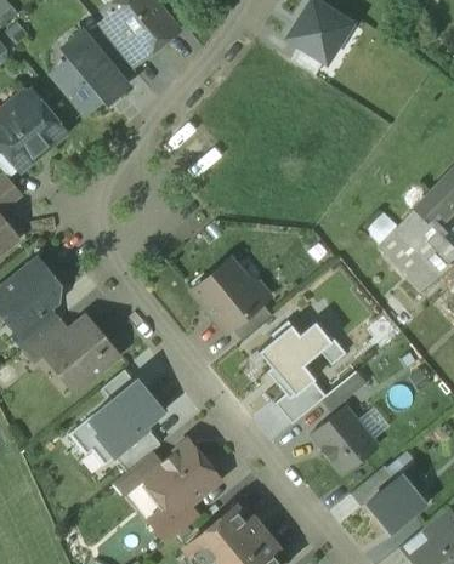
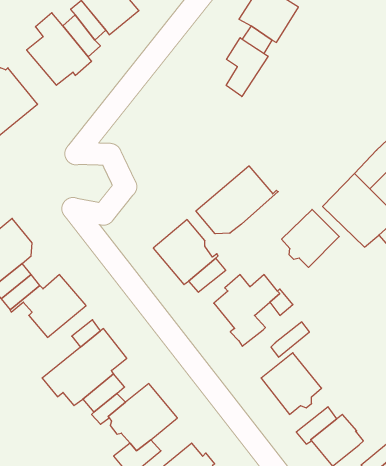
building: none -> [226,38,268,97]
building: none -> [196,166,278,234]
building: none -> [282,209,339,267]
building: [276,381,328,423] -> none

